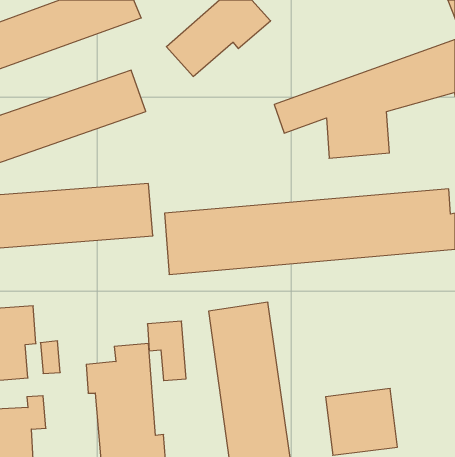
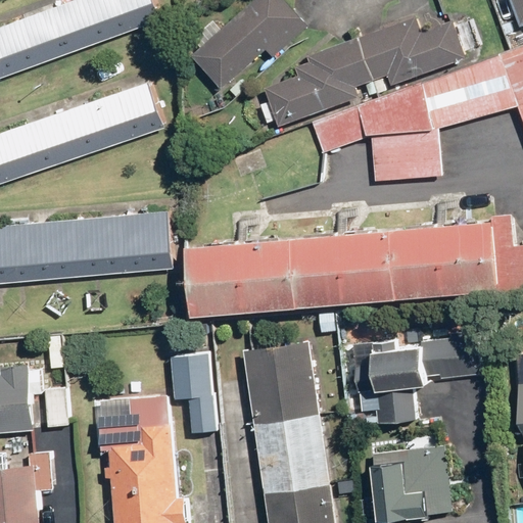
building: none -> [265,16,465,128]
building: none -> [354,331,481,424]

